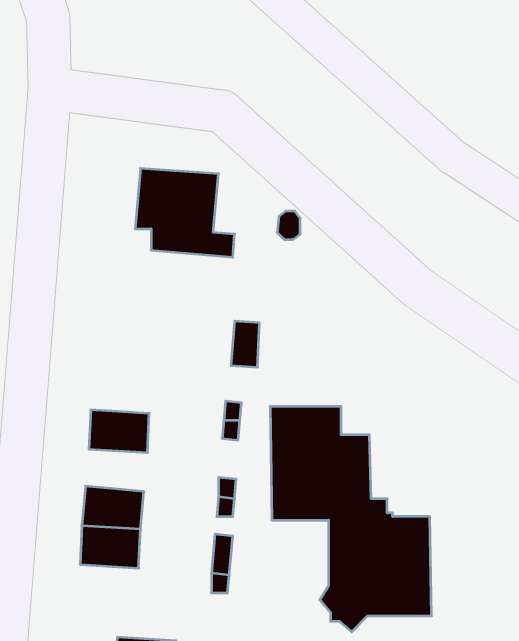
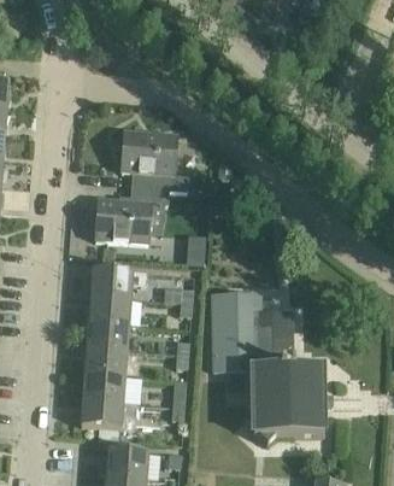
building: none -> [95,187,187,244]
building: none -> [90,269,147,298]
building: none -> [87,322,129,351]
building: none -> [81,400,136,431]

